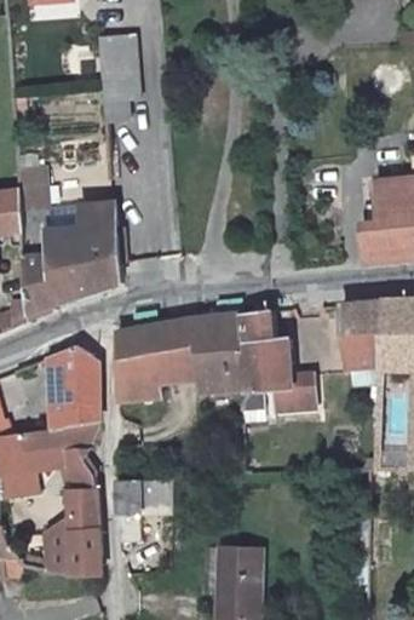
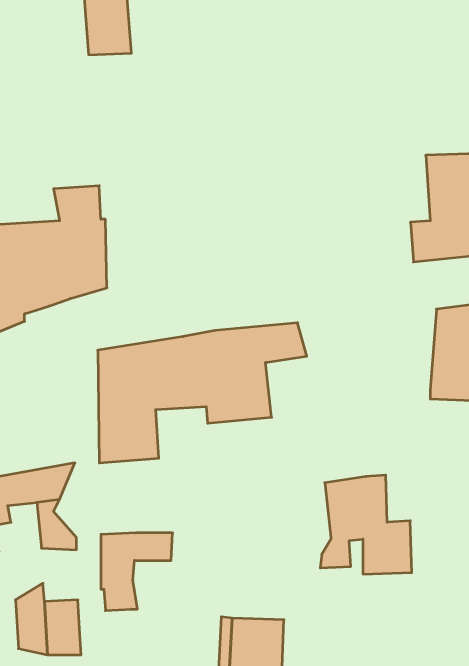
building: [339,300,383,367] -> none
building: [243,337,316,415] -> [320,475,412,574]
building: [47,343,96,430] -> none
building: [69,490,98,533] -> none

